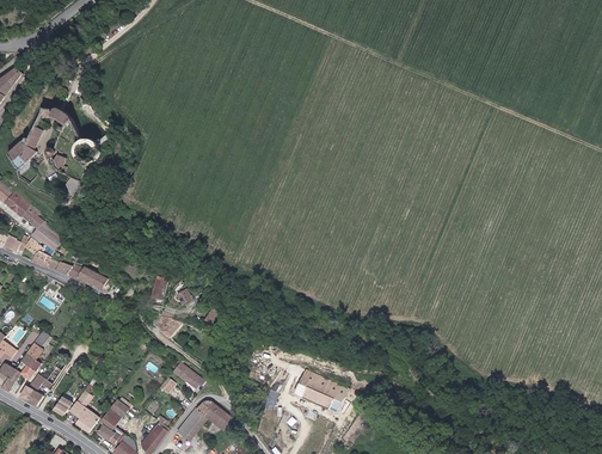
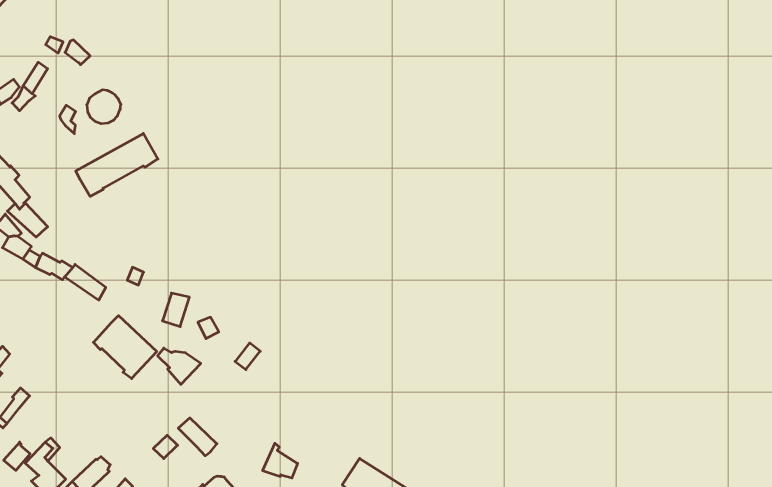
building: none -> [76,133,158,196]
building: none -> [93,316,157,379]

